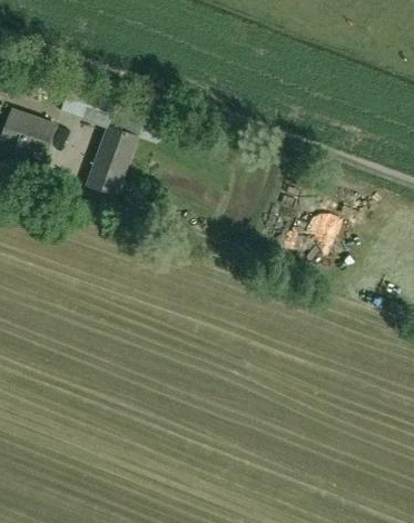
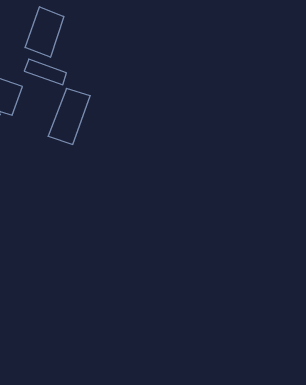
building: none -> [25,7,64,57]

